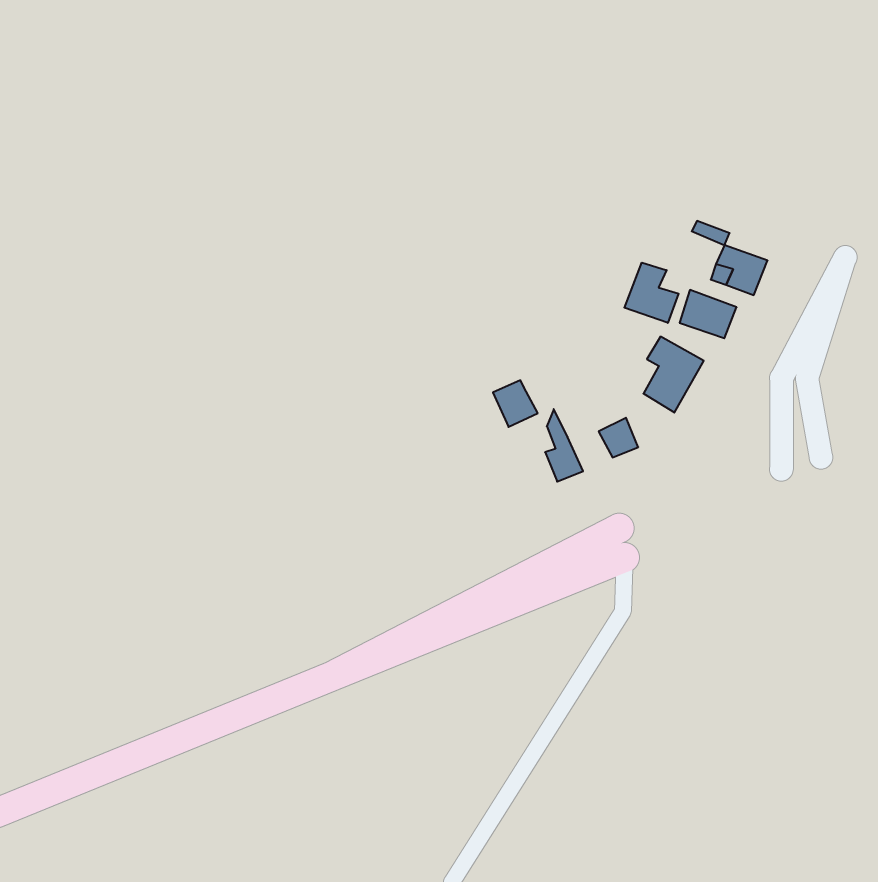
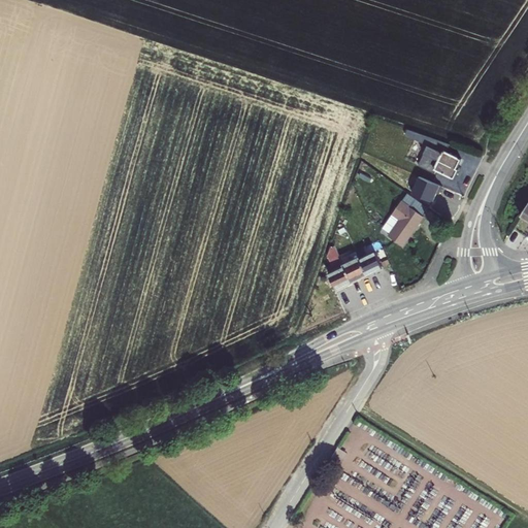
building: [624,263,679,323] -> none
building: [493,380,538,427] -> [339,254,366,282]

